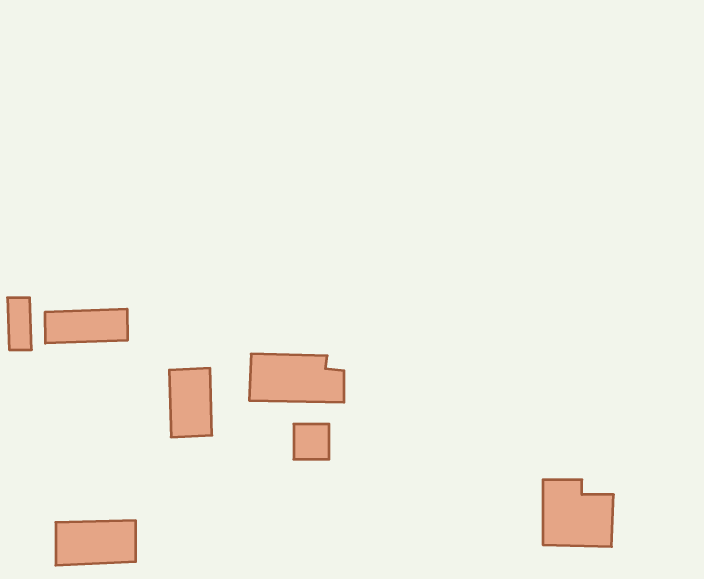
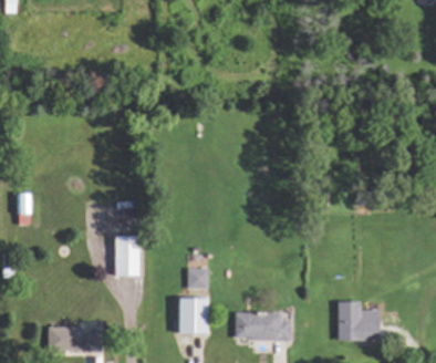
building: [45,309,127,343] -> none
building: [249,354,344,402] -> [236,311,292,340]
building: none -> [177,298,208,333]

